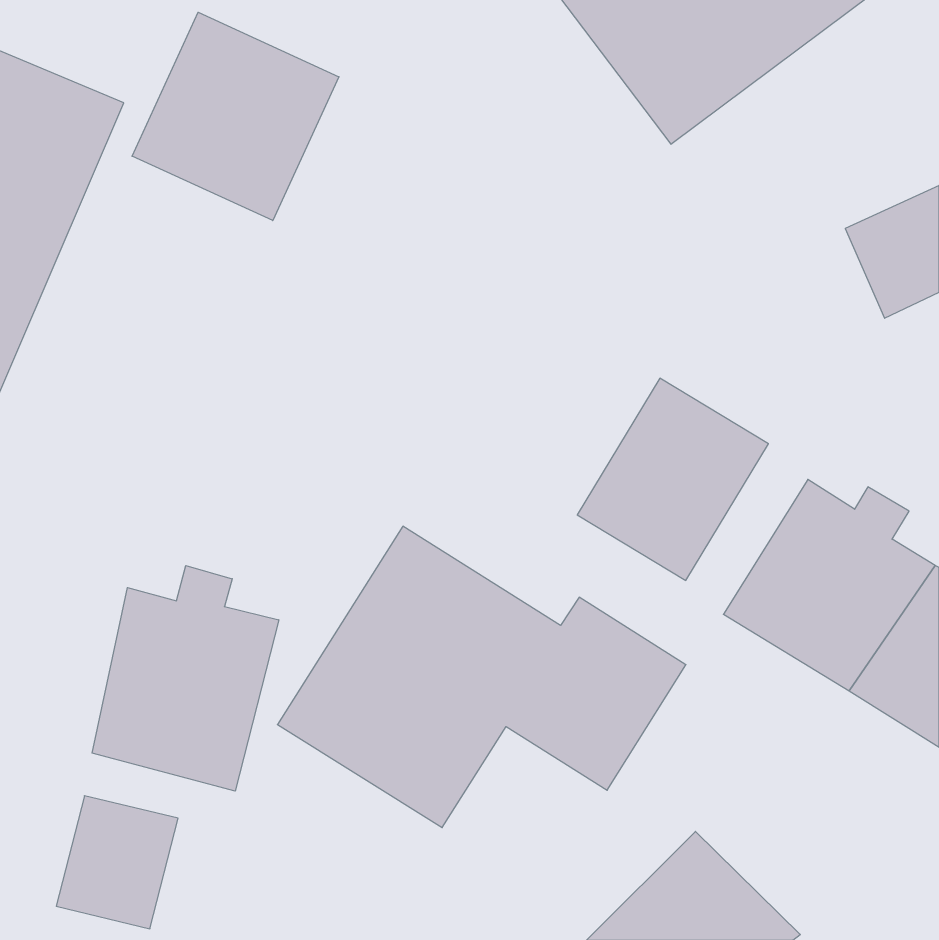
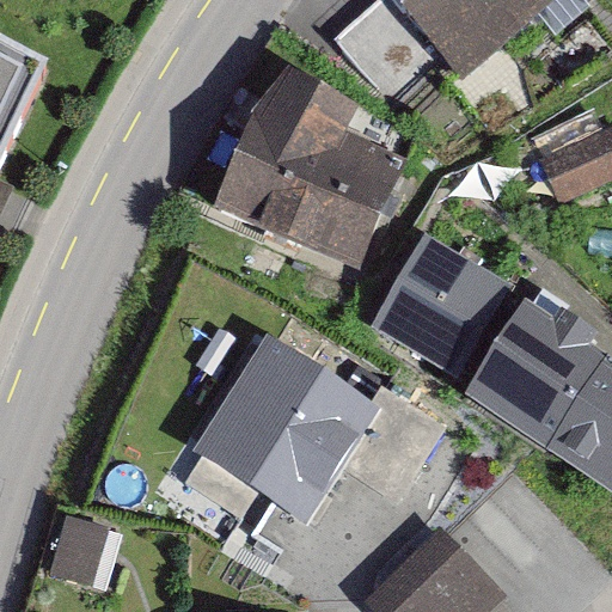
building: [132,12,339,221] -> none
building: none -> [215,61,410,274]
building: [92,566,279,791] -> none

